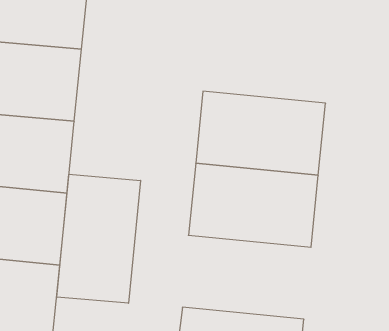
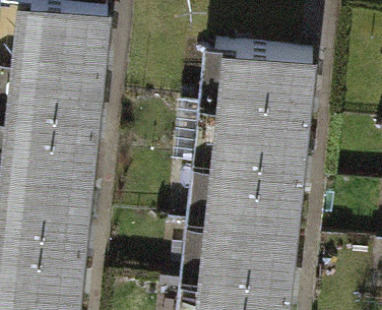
building: none -> [209,41,319,112]
building: [57,174,141,303] -> none
building: none -> [192,224,301,295]

